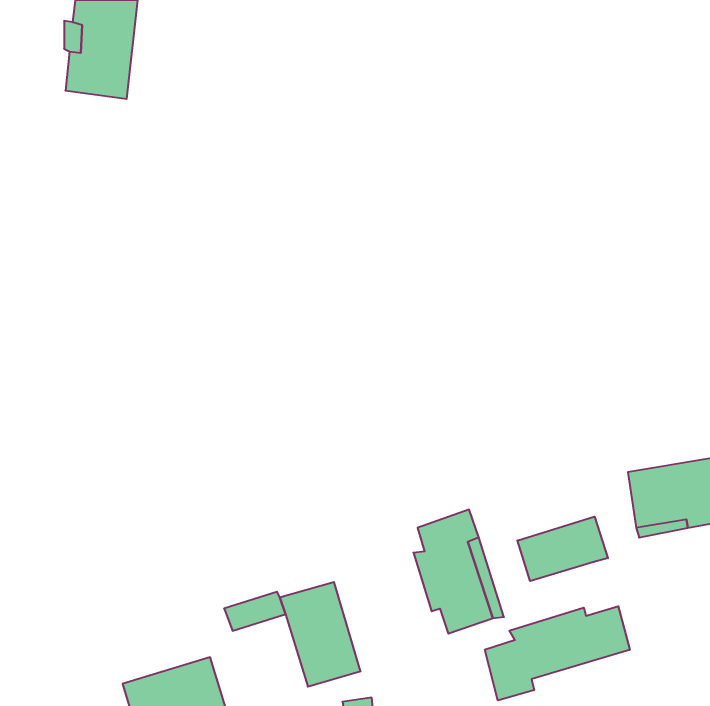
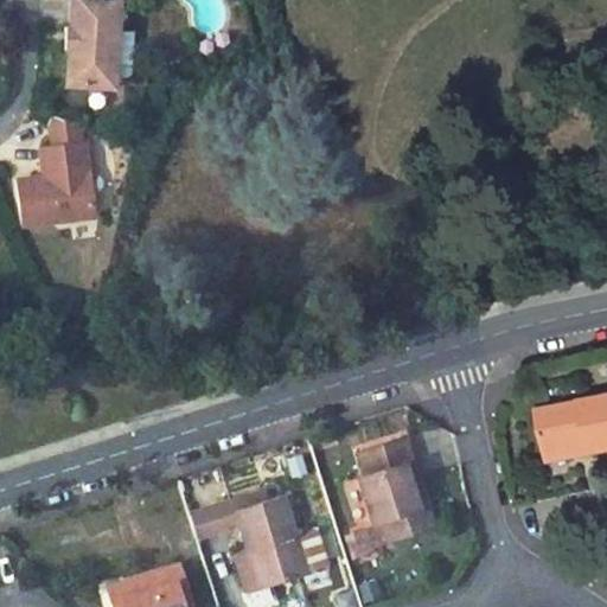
building: none -> [13,116,101,223]
building: [517,517,608,581] -> none
building: [485,606,630,700] -> none

